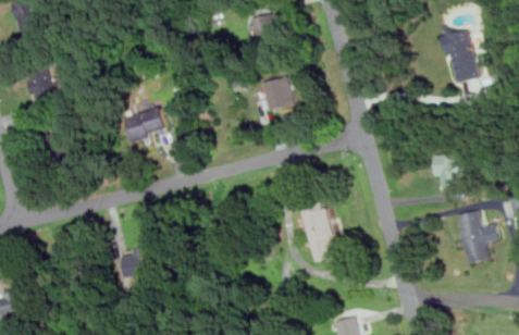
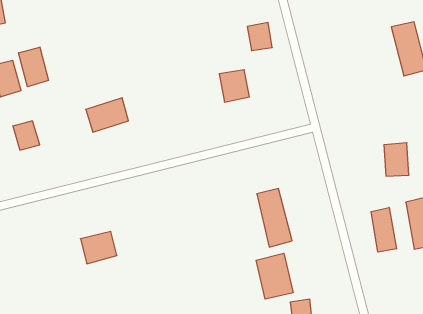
building: [249,13,275,42] -> [247,22,272,51]
building: none -> [19,47,48,87]
building: none -> [371,207,396,252]
building: none -> [256,253,293,299]

